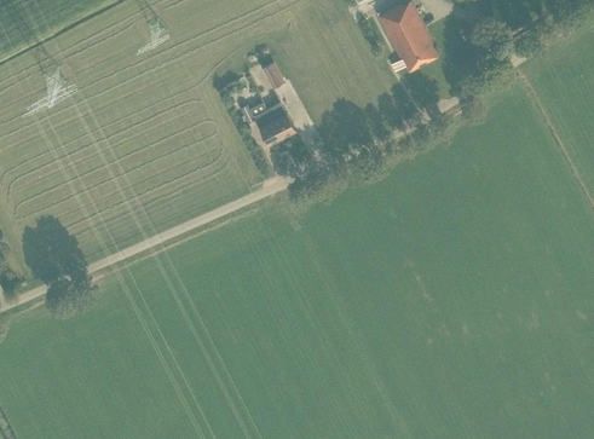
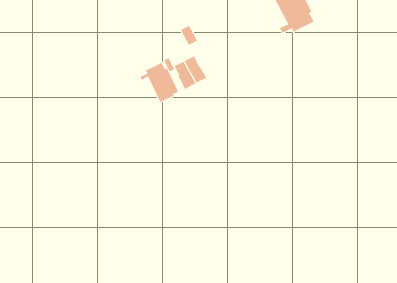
building: none -> [140,62,179,103]

